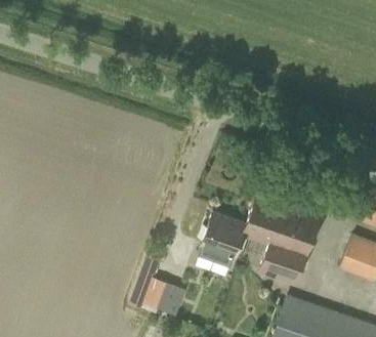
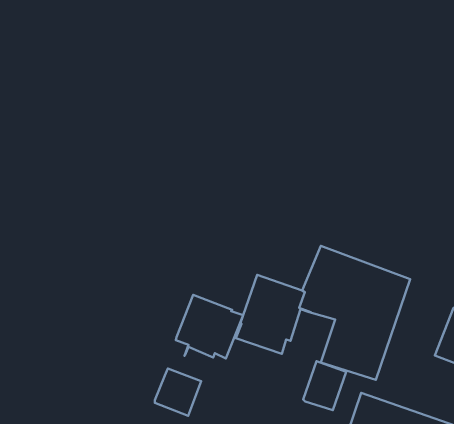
building: none -> [176,295,243,358]
building: none -> [303,361,346,410]

